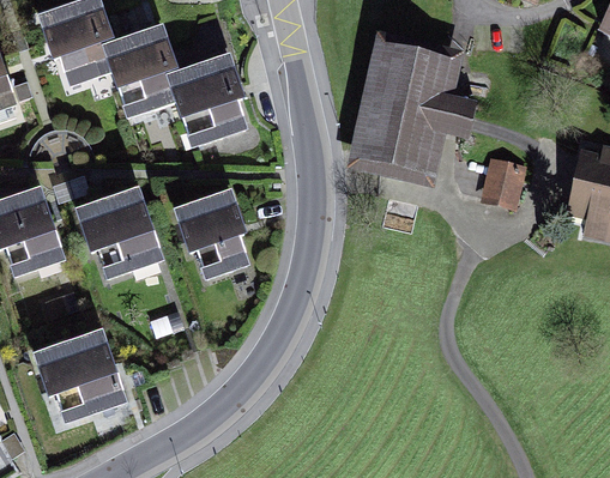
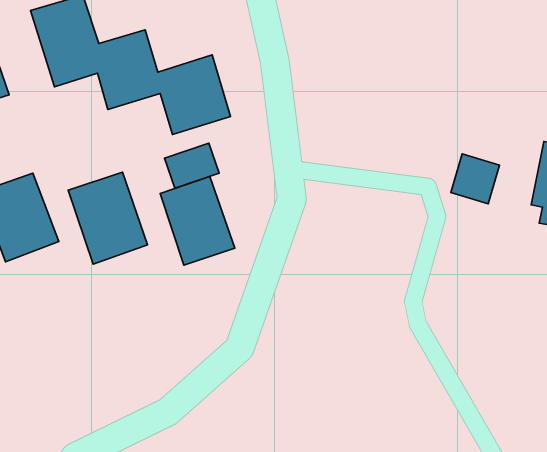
building: [349,40,475,179] -> none
building: none -> [165,143,219,188]
building: [34,331,122,420] -> none

